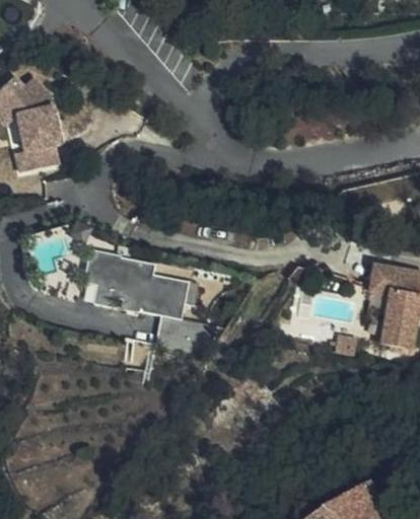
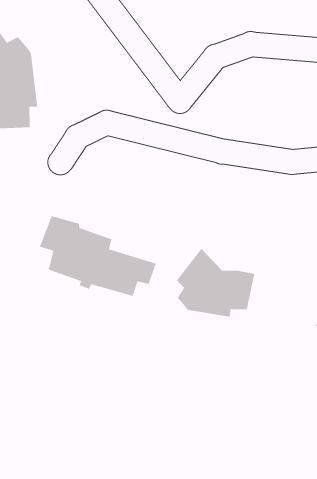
building: none -> [176,248,255,317]

